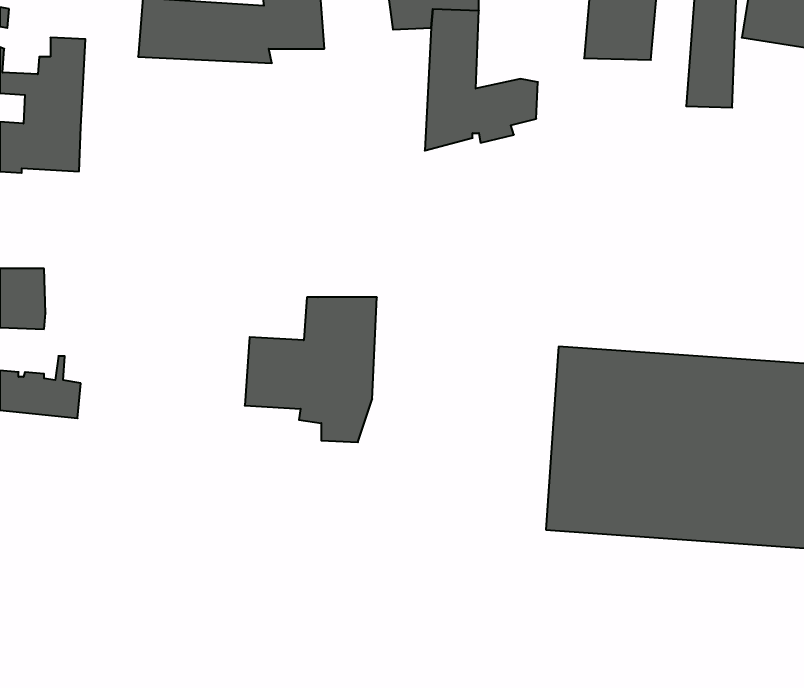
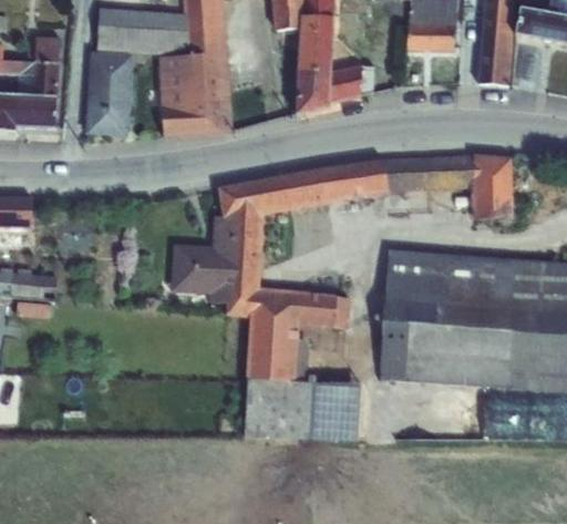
building: none -> [159,43,230,136]
building: none -> [85,51,132,136]
building: none -> [218,154,513,218]
building: none -> [244,287,360,438]

